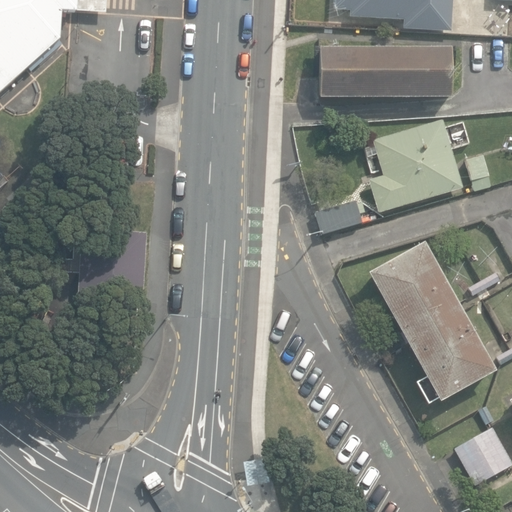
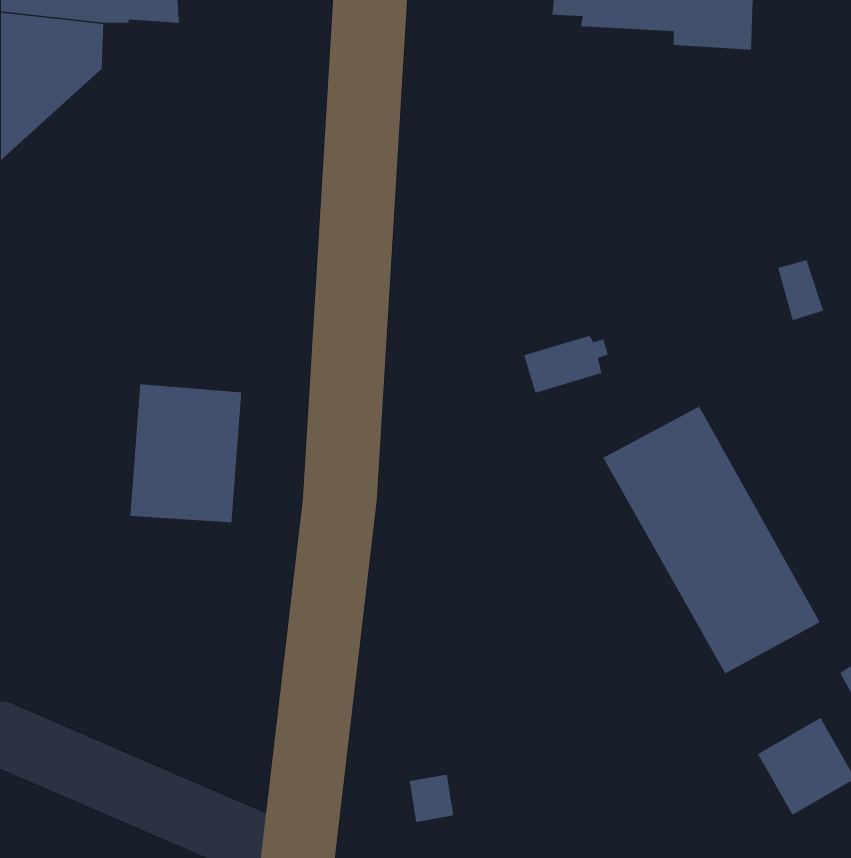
building: [317,46,449,97] -> none
building: [370,119,464,212] -> none

